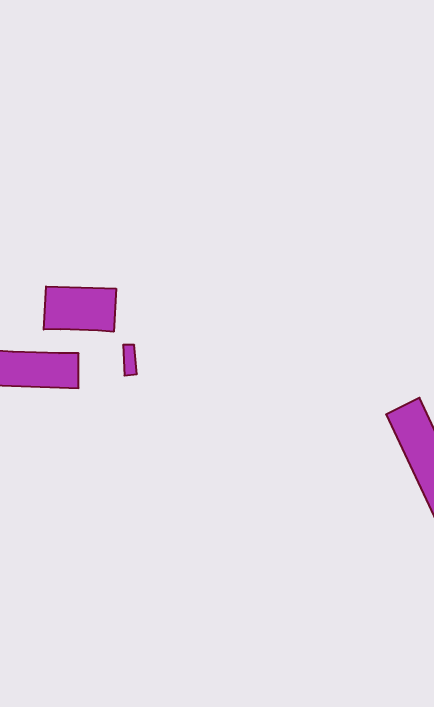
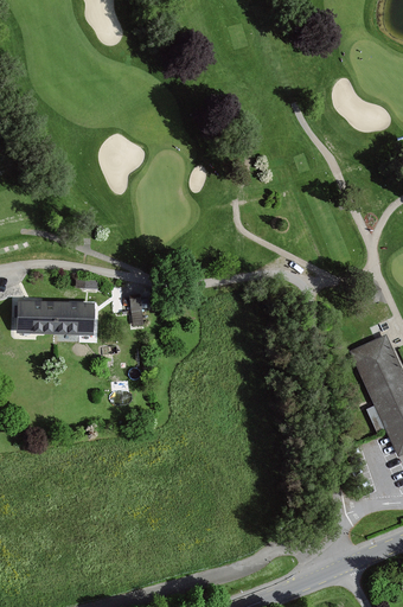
building: [44,286,116,332] -> none

